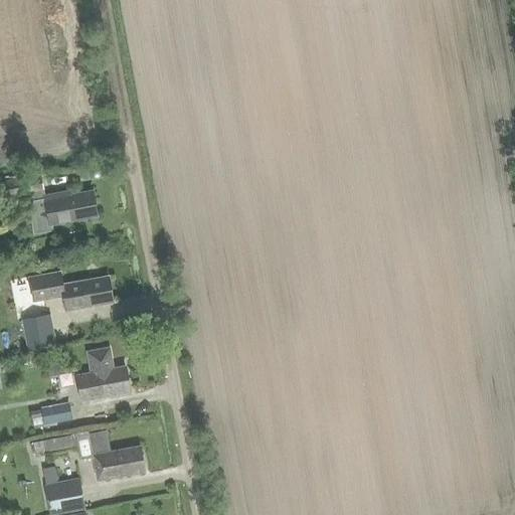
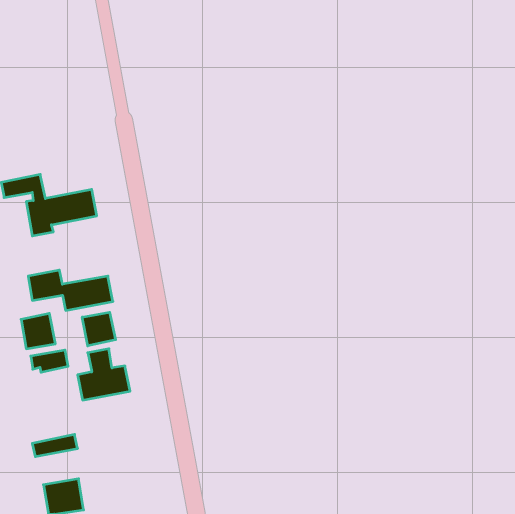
building: none -> [82,312,116,346]
building: [33,402,70,424] -> [31,350,68,372]
building: [93,445,144,480] -> none

